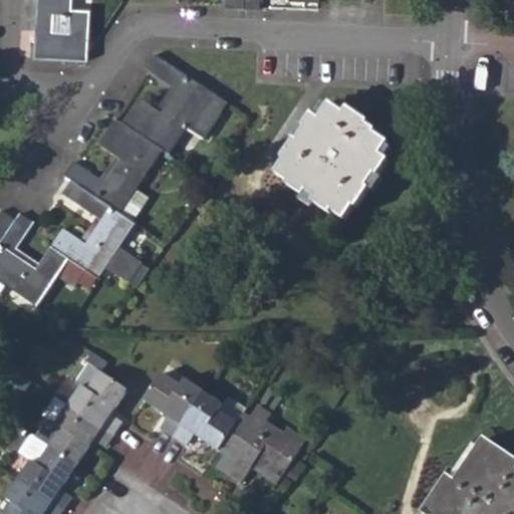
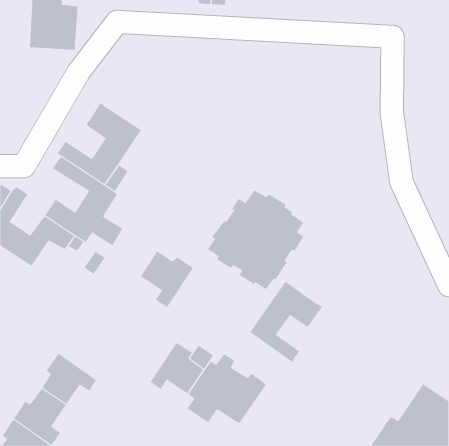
building: [120,53,227,153] -> none
building: [276,103,387,218] -> [207,189,304,290]
building: none -> [250,281,323,363]
building: [66,369,125,434] -> none
building: [140,370,201,436] -> [140,251,194,308]

